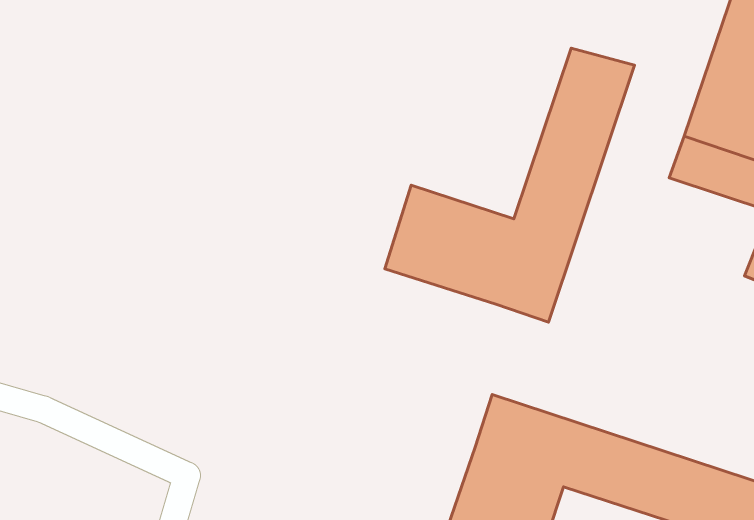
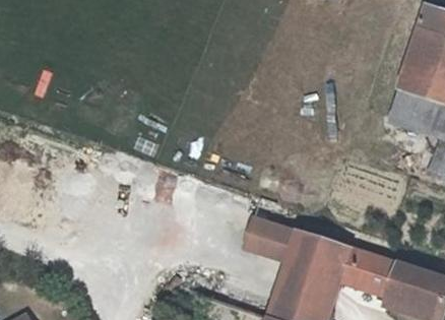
building: [385,48,634,322] -> none
building: none -> [243,216,296,260]

